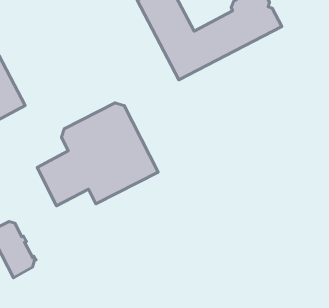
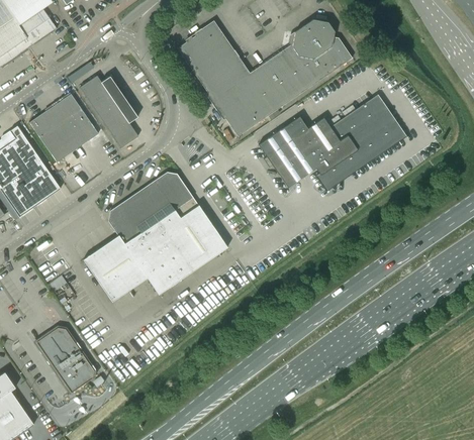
building: none -> [79,75,137,147]
building: none -> [28,93,98,161]
building: none -> [258,99,400,187]

